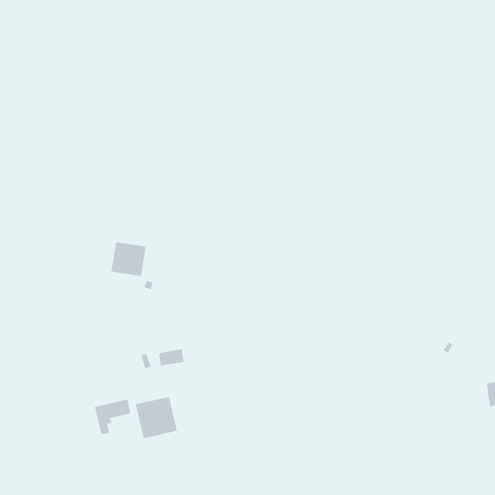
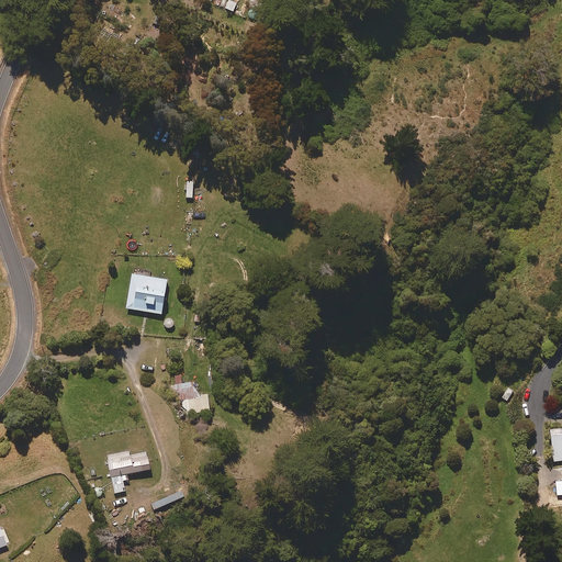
building: [135,396,177,439] -> none

